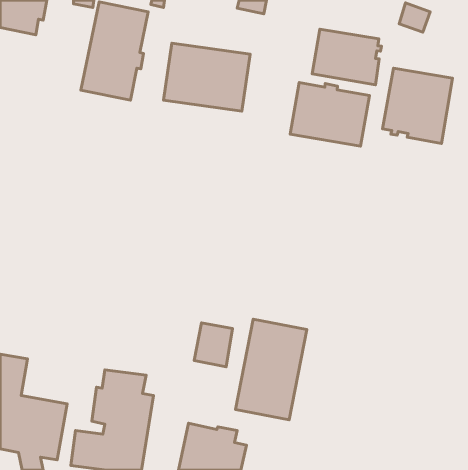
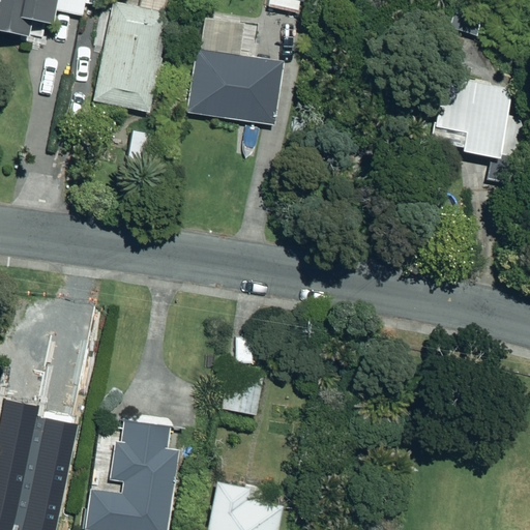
building: [312,29,382,85] -> none
building: [290,83,369,146] -> none
building: [236,319,307,420] -> none

